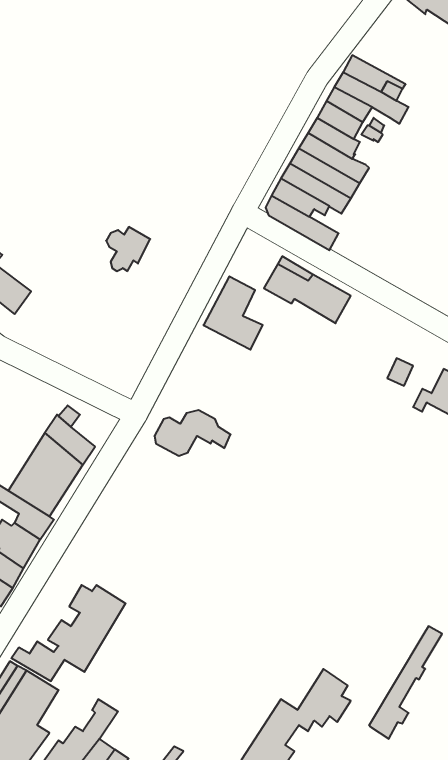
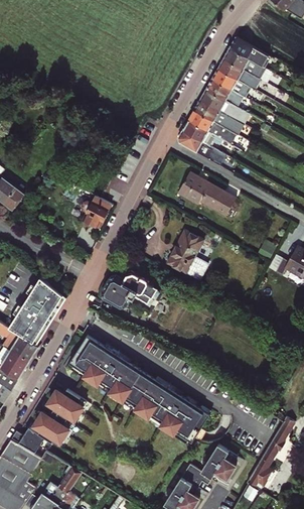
building: [106,227,150,271] -> [81,198,110,227]
building: [203,276,263,350] -> [167,231,206,279]
building: none -> [68,335,209,441]

